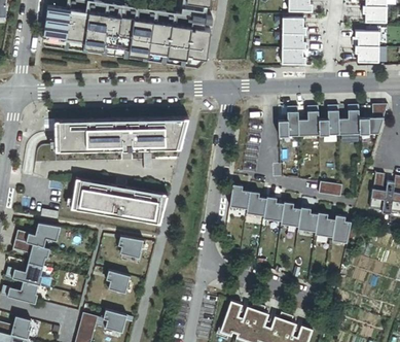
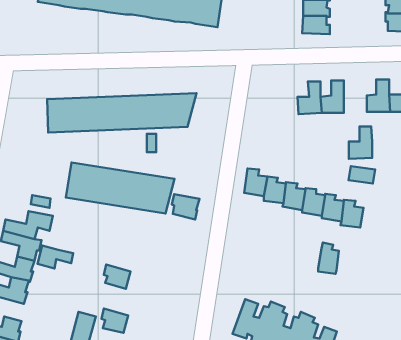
building: [318,106,338,135] -> [349,127,372,159]
building: [332,214,351,242] -> [318,243,339,274]
building: [118,236,143,259] -> [172,194,200,220]
building: none -> [37,246,73,269]

